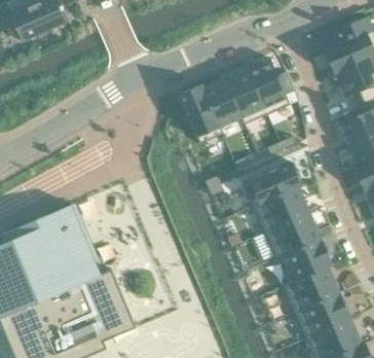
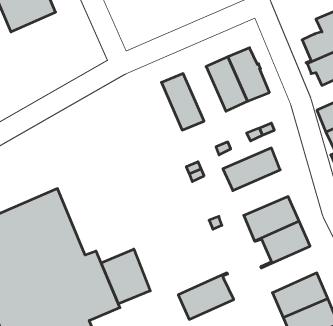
building: [200,78,245,135] -> none
building: [252,185,309,232] -> none
building: [282,264,339,313] -> [178,273,234,319]
building: none -> [101,249,150,304]

